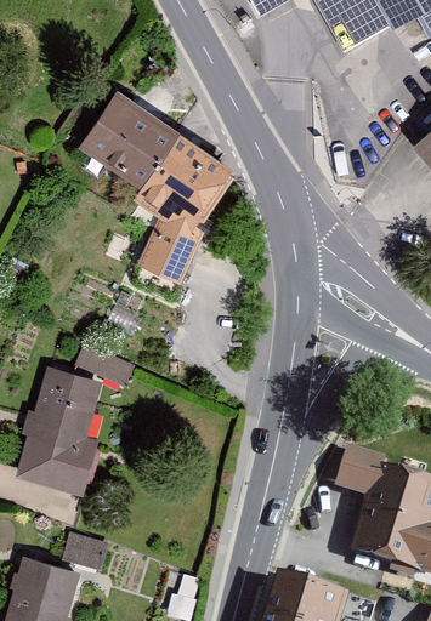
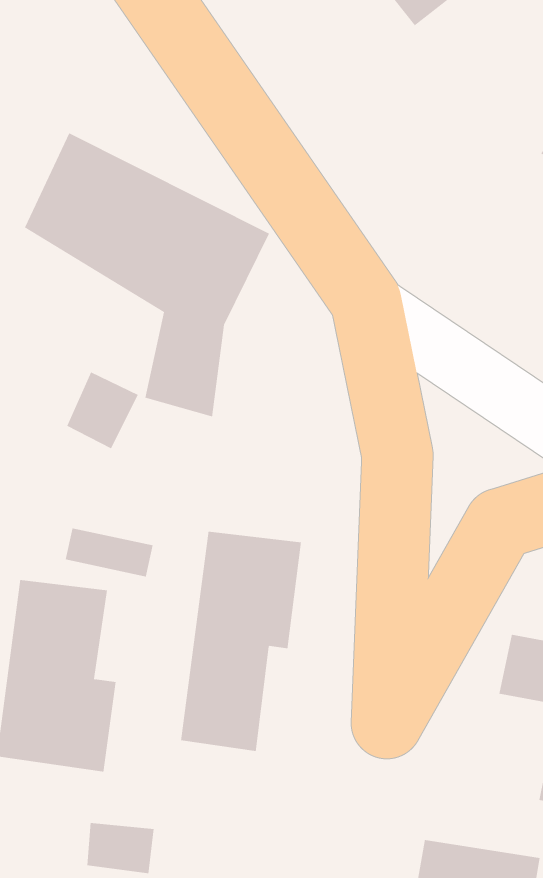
building: none -> [66,372,138,449]
building: none -> [180,531,302,752]

